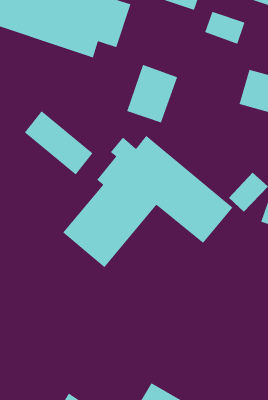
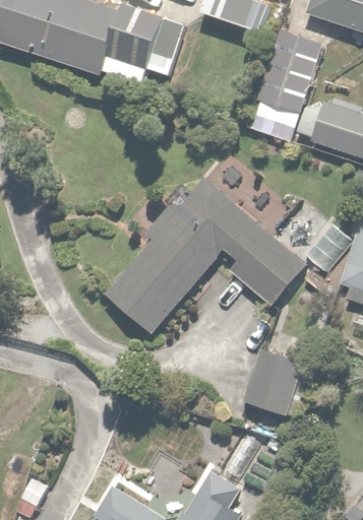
building: [126,64,178,124] -> [250,68,311,138]
building: [24,110,94,176] -> none
building: none -> [243,348,306,417]

